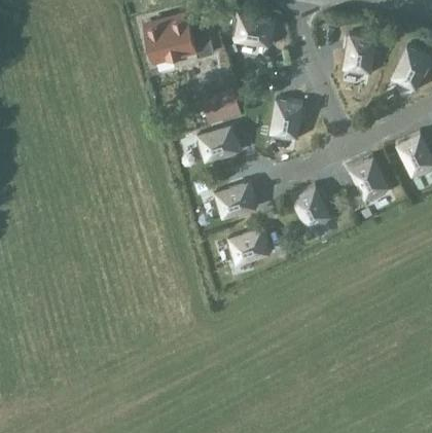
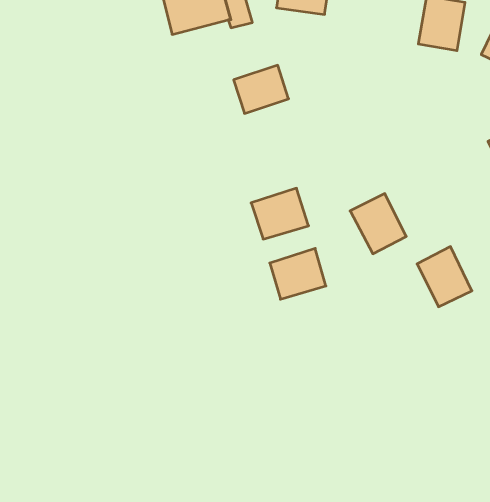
building: [271,99,305,140] -> none
building: [199,124,242,164] -> none
building: [350,155,392,202] -> [417,247,472,307]

